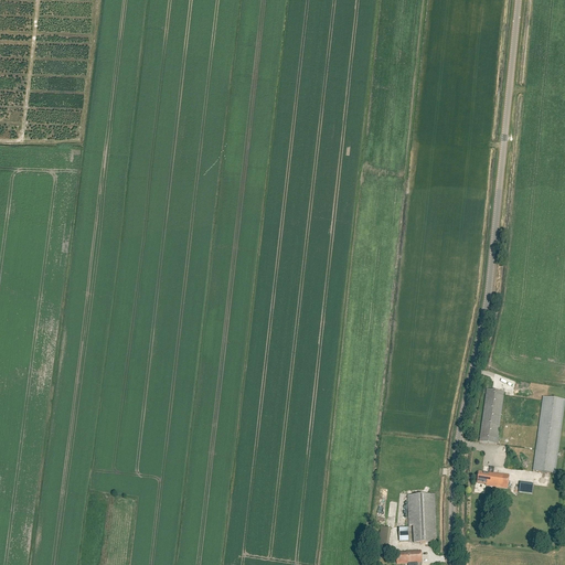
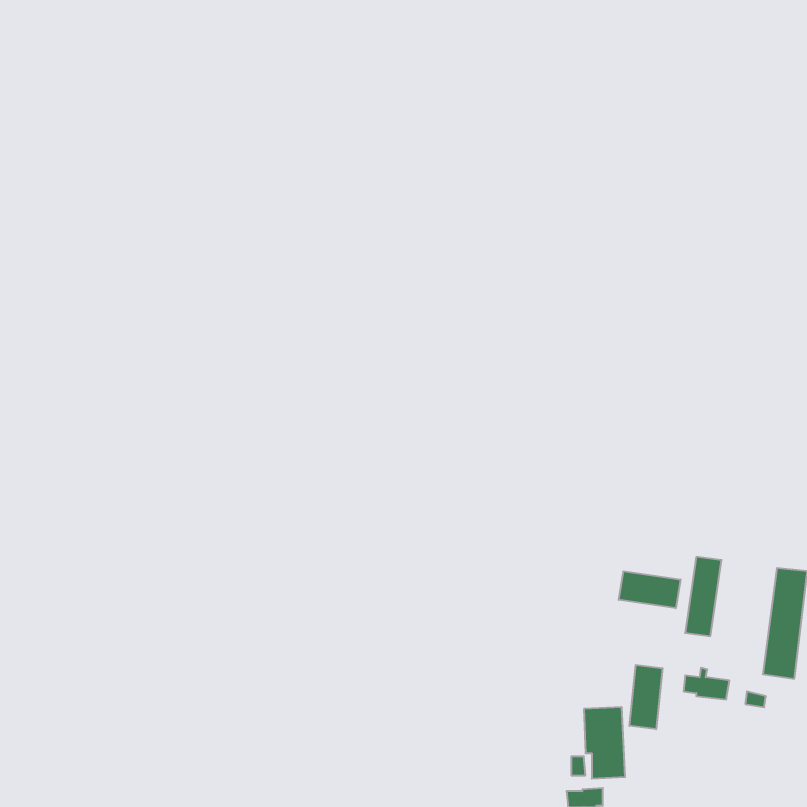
building: none -> [619,571,680,608]
building: none -> [629,665,662,729]

